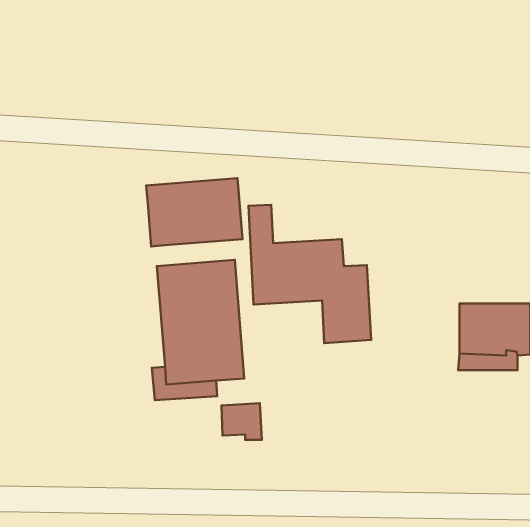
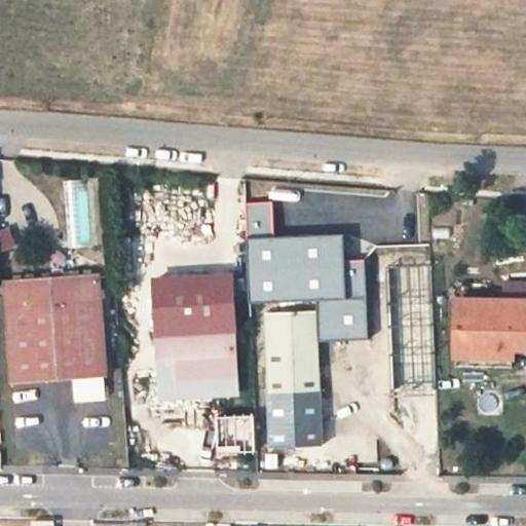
building: [146,178,242,246] -> none
building: none -> [6,262,110,375]
building: none -> [263,317,320,448]

